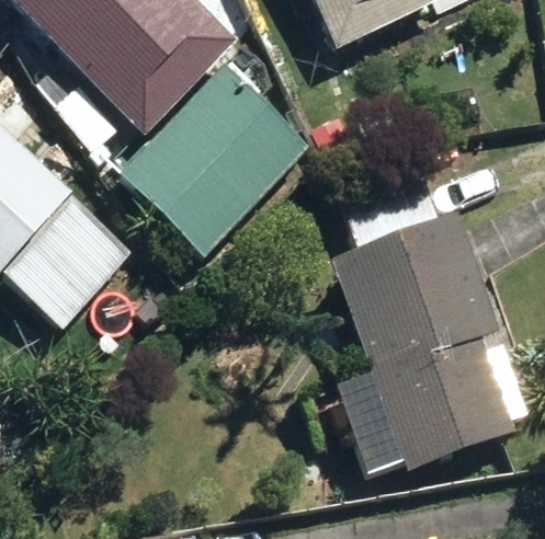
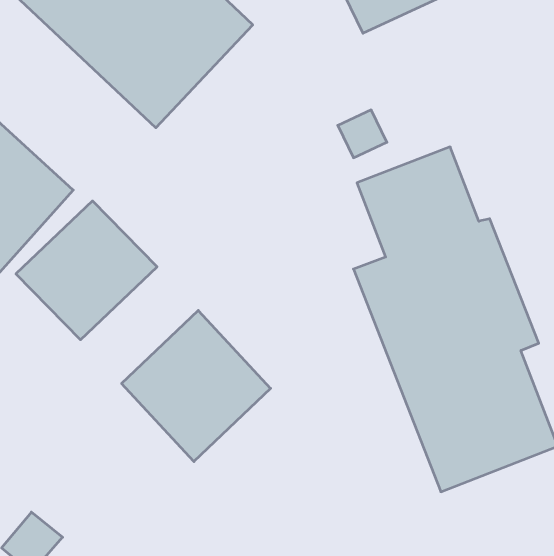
building: [120,64,310,256] -> none
building: none -> [122,310,271,462]

